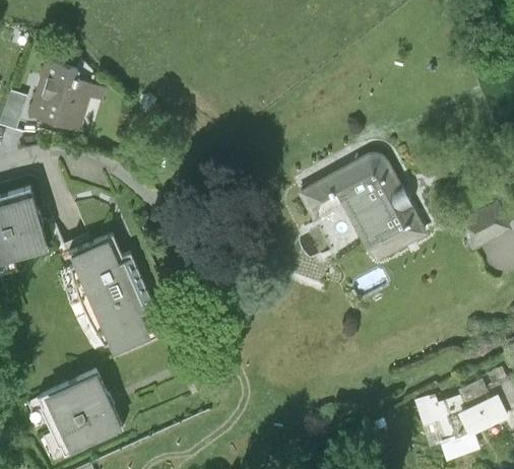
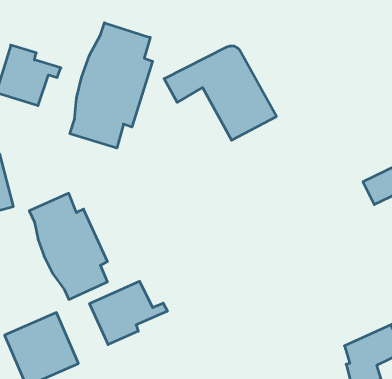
building: none -> [70,23,153,148]
building: [294,151,424,260] -> [164,46,276,140]
building: none -> [90,281,167,345]

